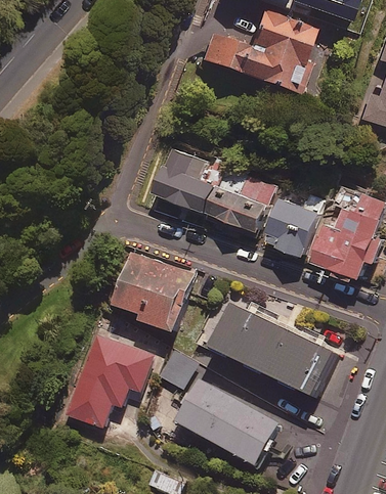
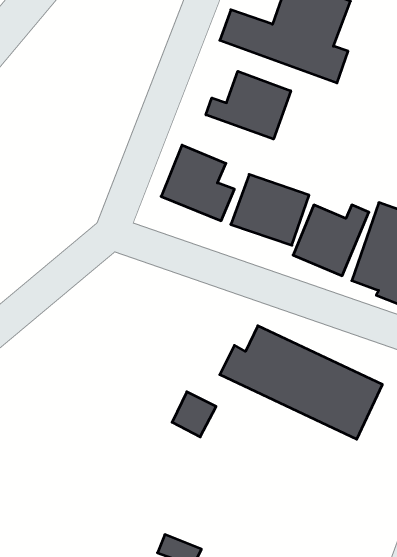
building: none -> [206,71,291,139]
building: [112,252,195,331] -> none
building: [66,336,155,431] -> none
building: [178,380,282,465] -> none

